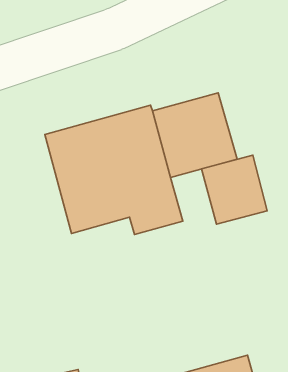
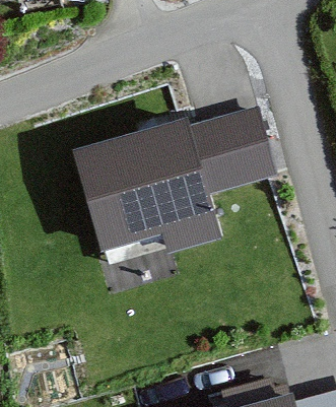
building: [202,155,267,224] -> none

